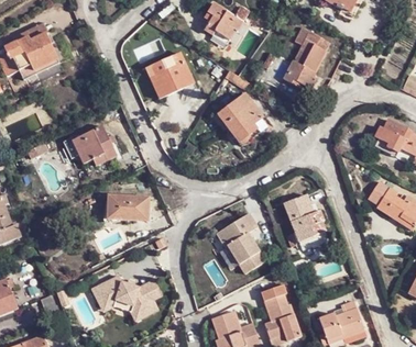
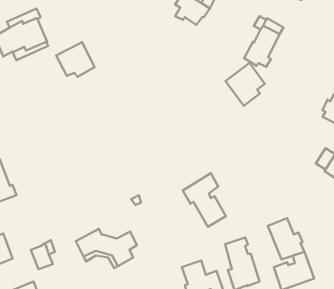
building: [145,53,194,99] -> none
building: [217,94,262,144] -> [226,63,265,106]
building: [72,125,116,165] -> [56,42,95,77]
building: [284,194,326,242] -> [268,218,304,259]
building: [107,195,149,222] -> none

